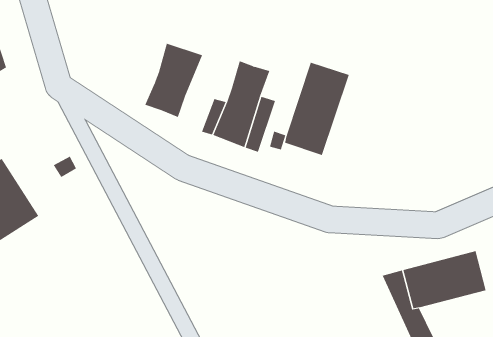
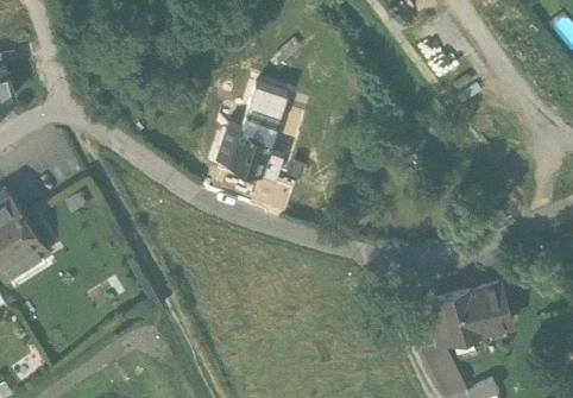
building: [145,43,203,118] -> none
building: [284,62,349,156] -> none

